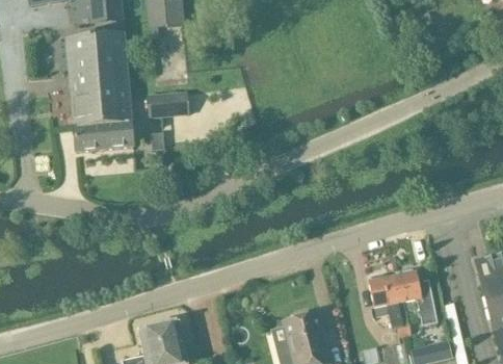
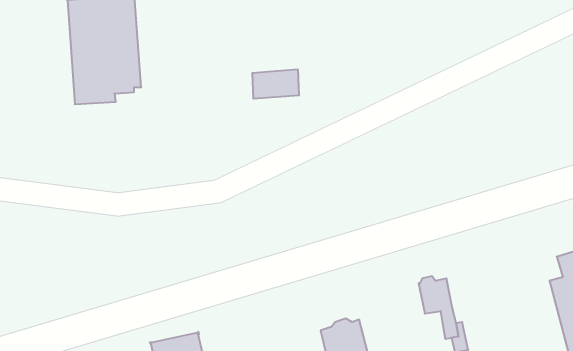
building: [147,90,187,115] -> [252,70,299,99]
building: [73,111,133,150] -> none
building: [392,270,436,324] -> none

